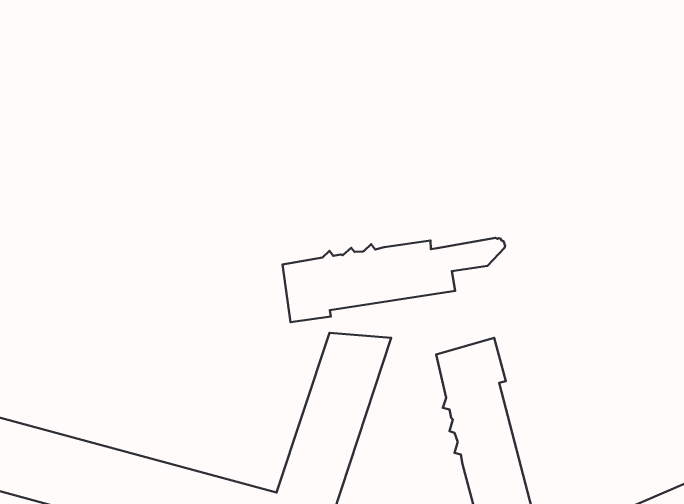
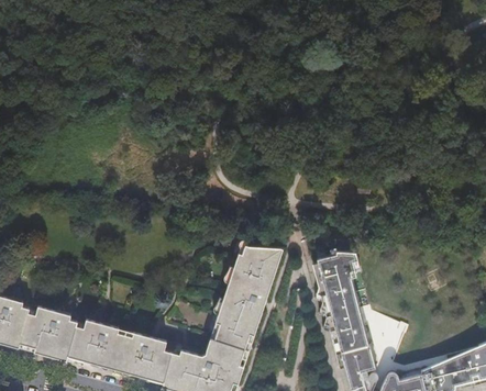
building: [283,238,505,322] -> none

